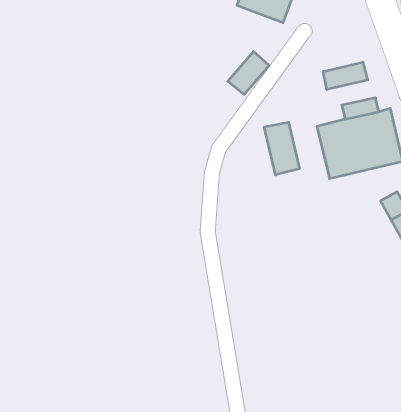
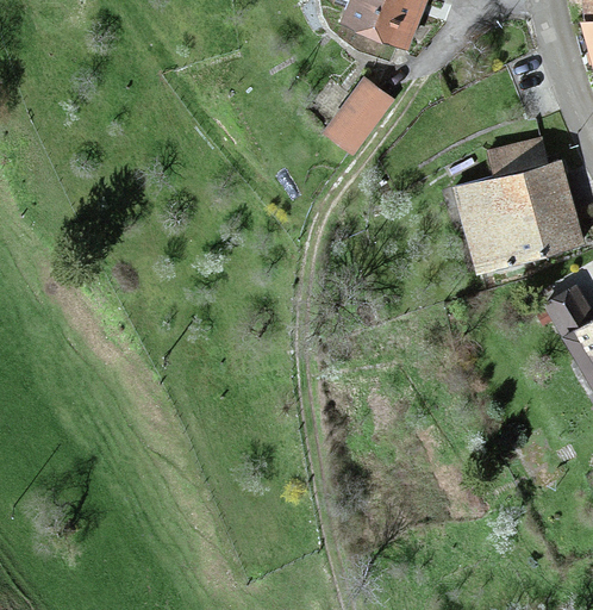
building: [323,62,368,90] -> none
building: [264,122,299,175] -> none

